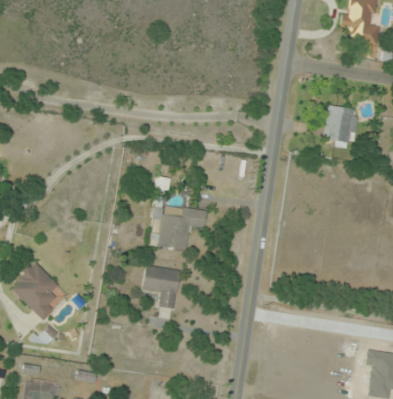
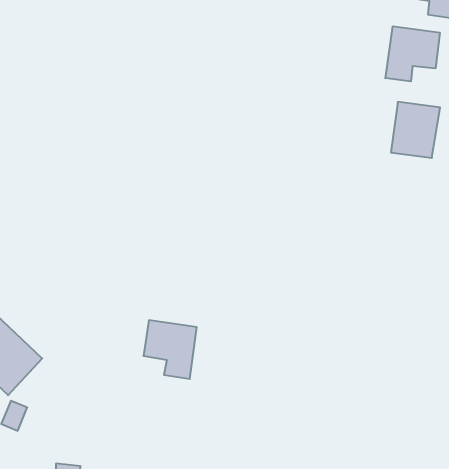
building: none -> [385,26,440,81]
building: [153,176,206,250] -> none

